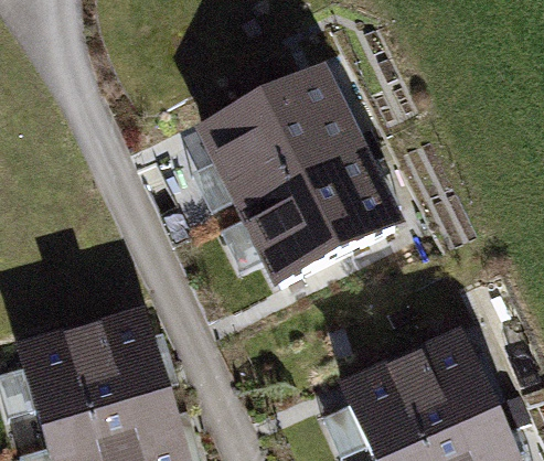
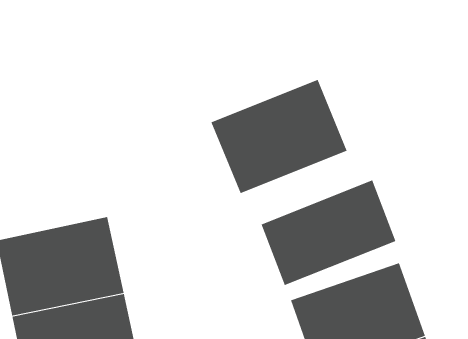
building: [203,68,354,202] -> none
building: none -> [261,180,396,286]

